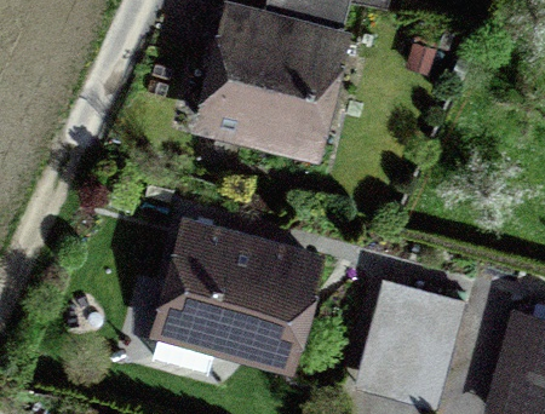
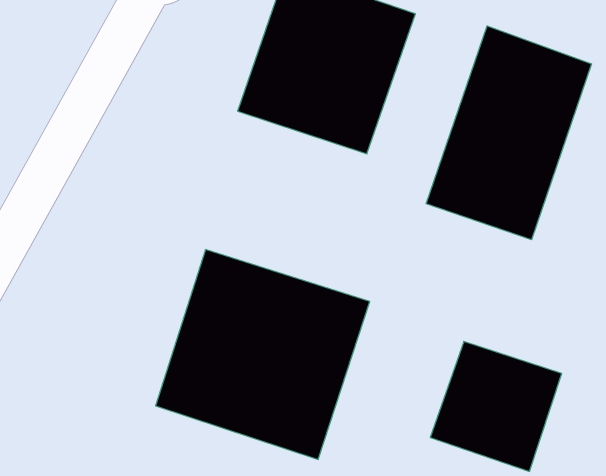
building: none -> [426,26,591,240]

